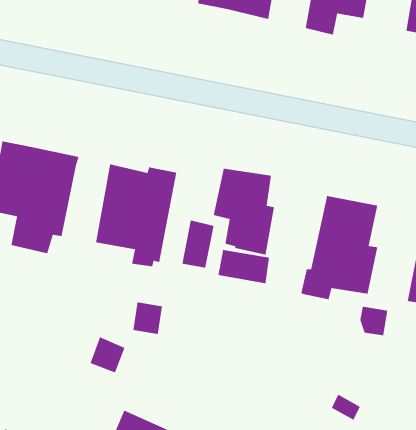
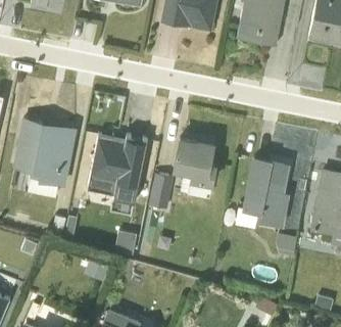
building: [218,249,270,284] -> none

